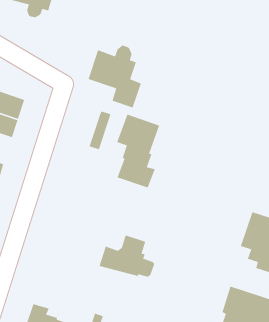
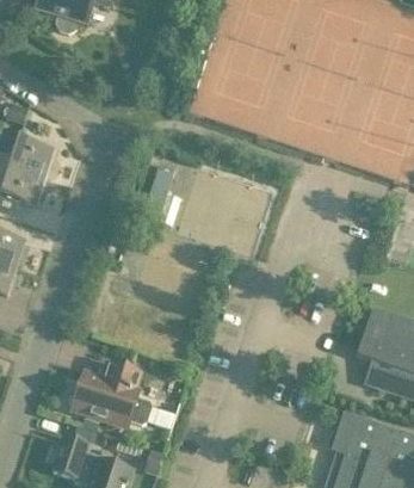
building: [88,45,142,108] -> none
building: [116,114,160,188] -> none
building: [98,234,155,278] -> [72,363,152,424]

